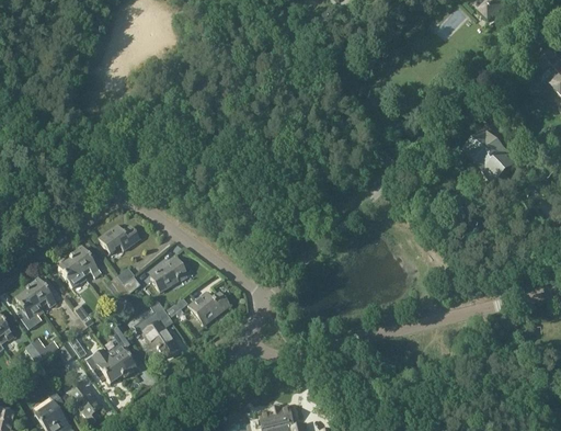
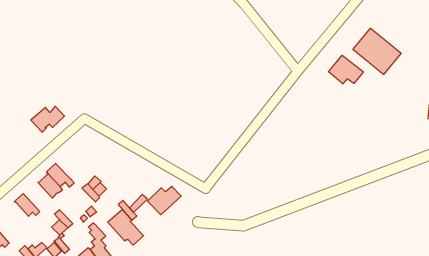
building: none -> [329,55,363,84]
building: [99,225,140,254] -> [31,106,65,132]
building: [150,257,186,292] -> none
building: [15,288,44,319] -> none

